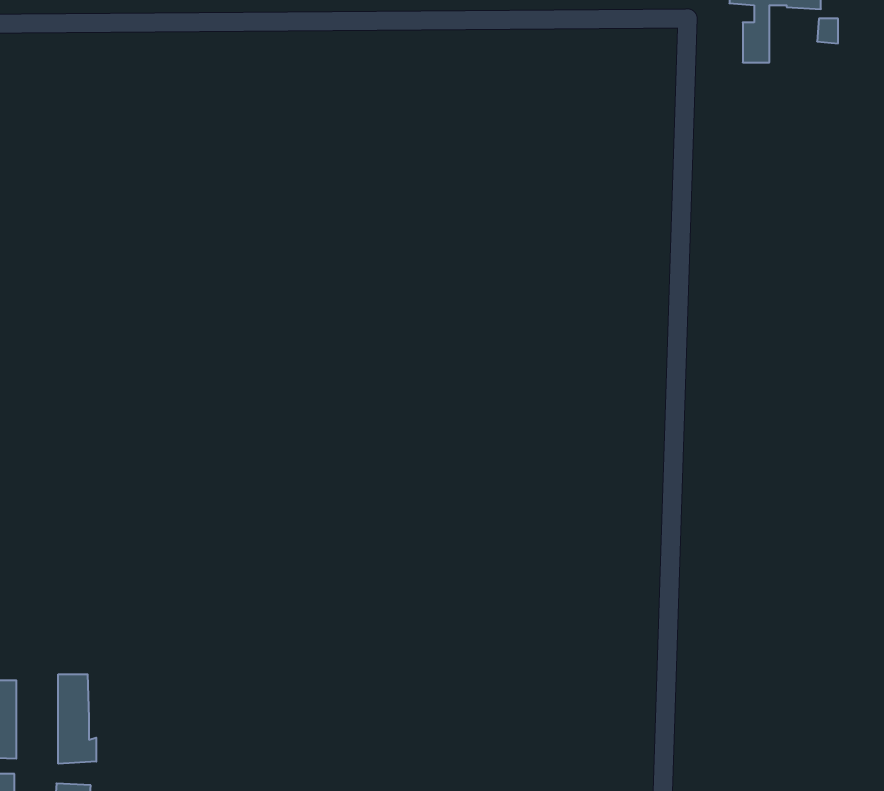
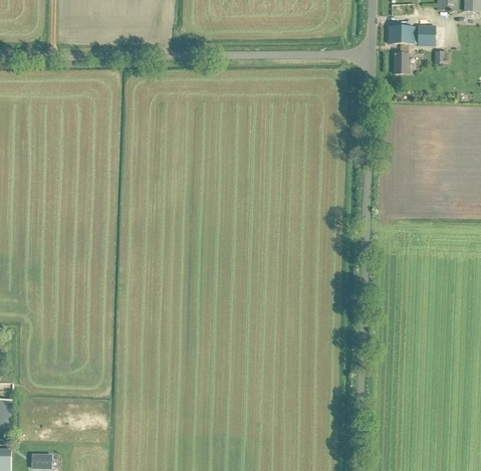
building: [58,674,96,764] -> none

